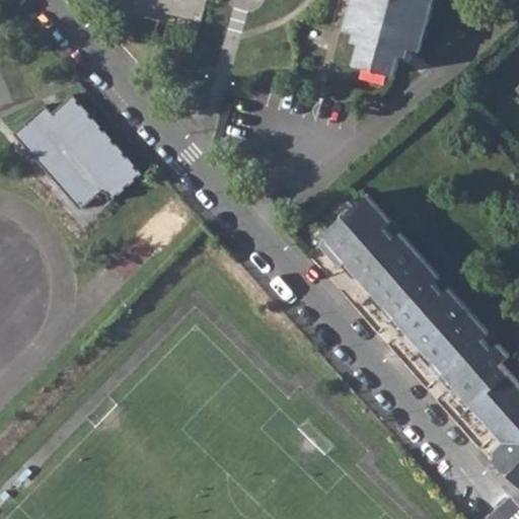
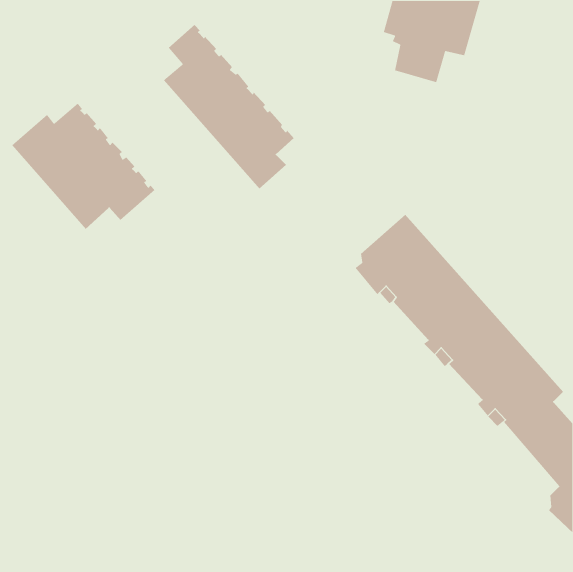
building: none -> [163,24,294,189]

